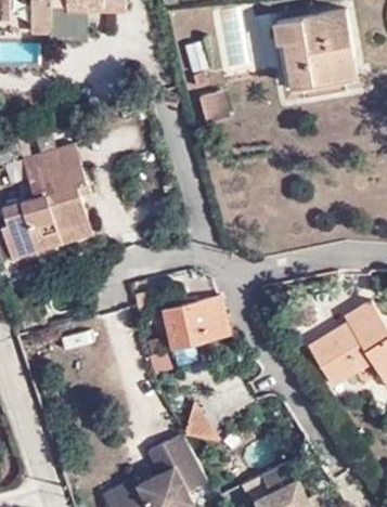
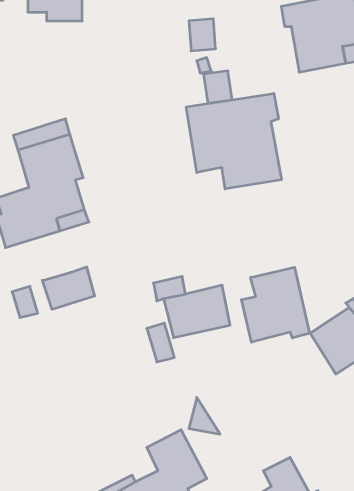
building: none -> [186,93,281,189]
building: none -> [42,267,95,309]
building: none -> [241,267,309,342]

